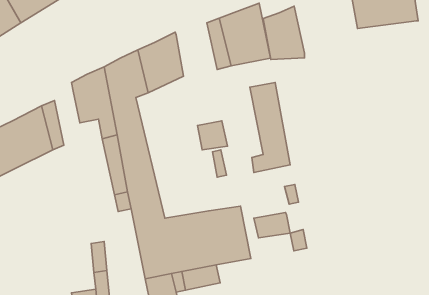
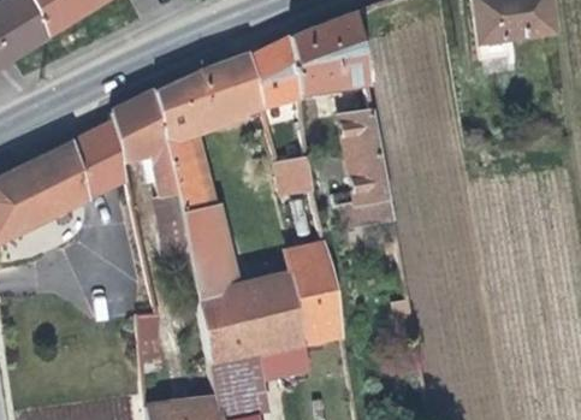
building: [263,6,304,60] -> [249,34,302,102]
building: none -> [93,122,129,191]
building: [254,213,290,238] -> [285,243,332,276]

